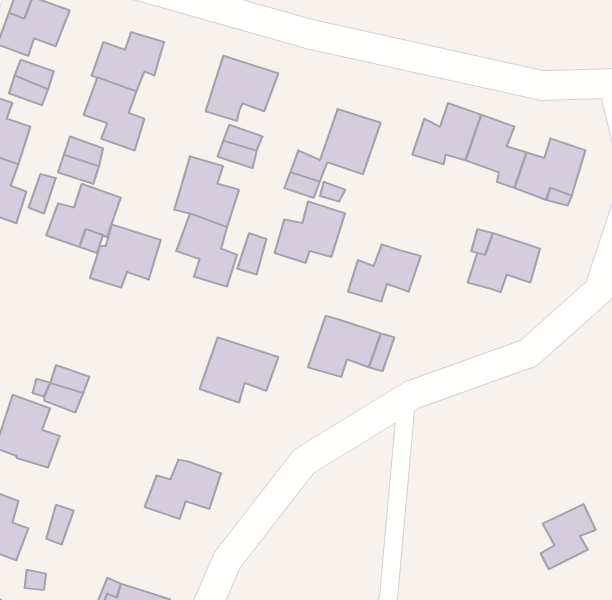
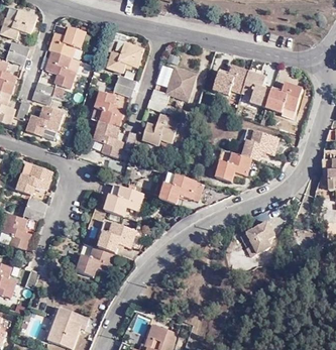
building: [90,225,161,288] -> [16,162,52,195]
building: [348,244,421,301] -> [215,152,252,182]
building: none -> [98,221,136,253]
building: [541,504,596,569] -> [244,222,272,255]

